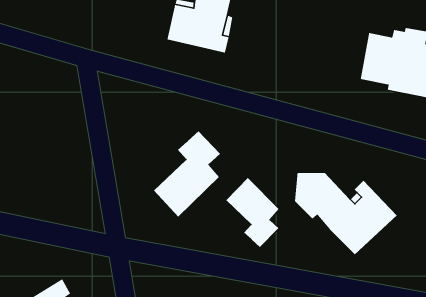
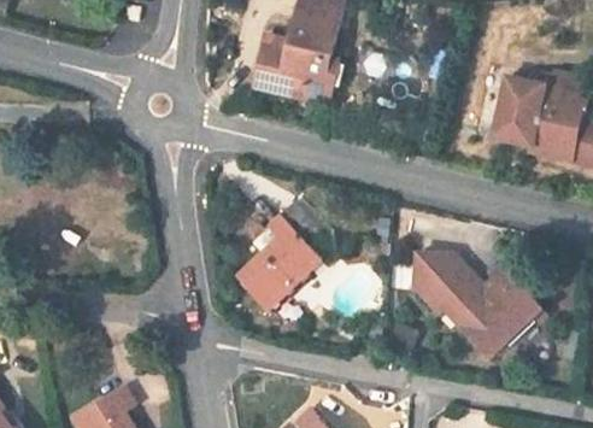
building: [226,177,280,248] -> none

